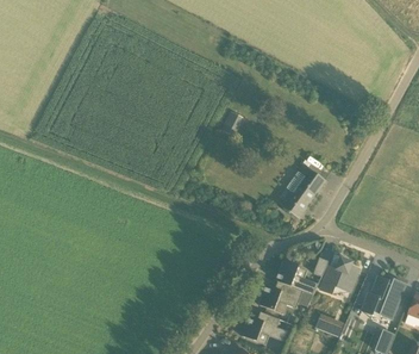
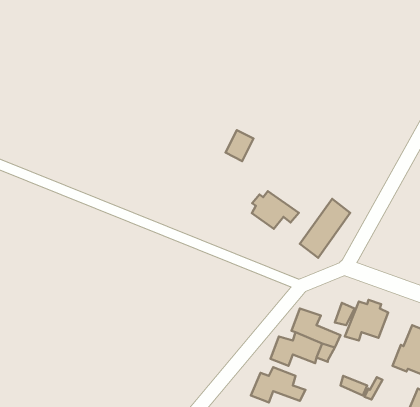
building: none -> [252,191,299,229]

